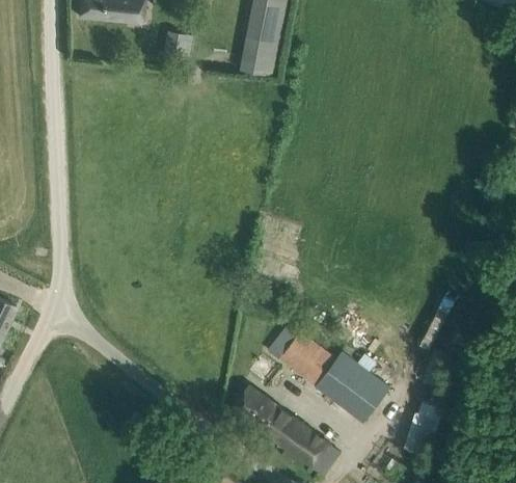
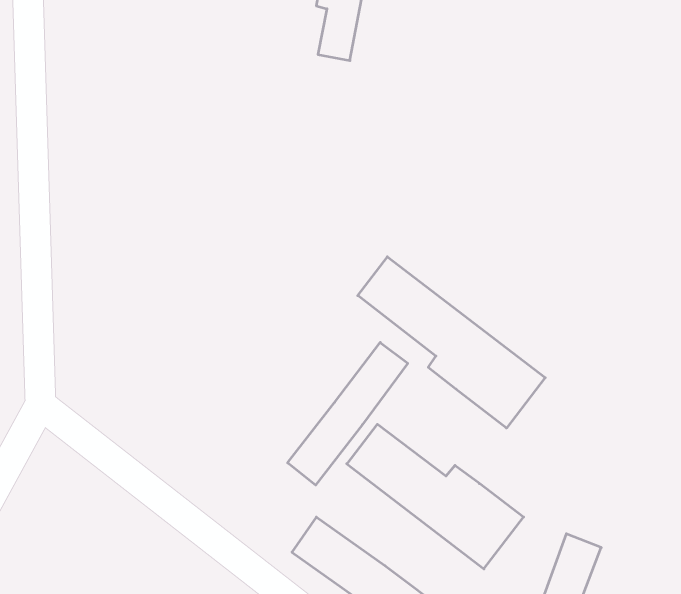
building: none -> [358,257,545,428]
building: none -> [288,342,408,485]

